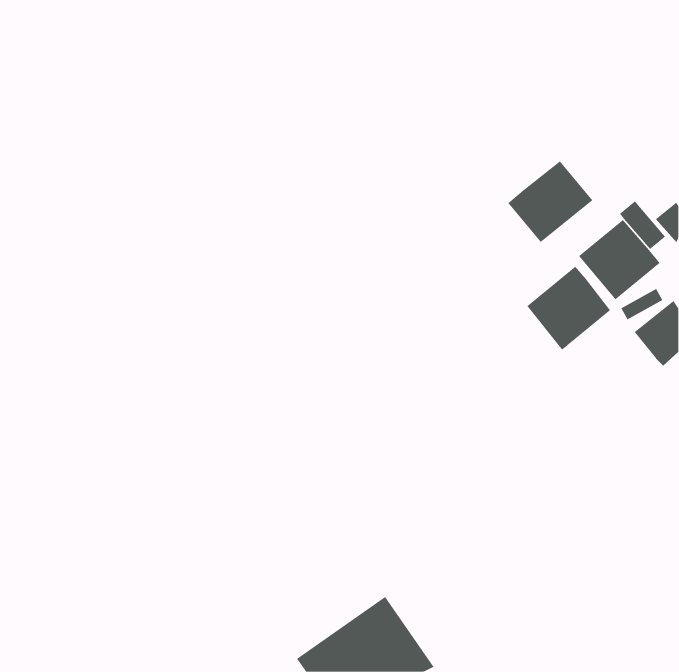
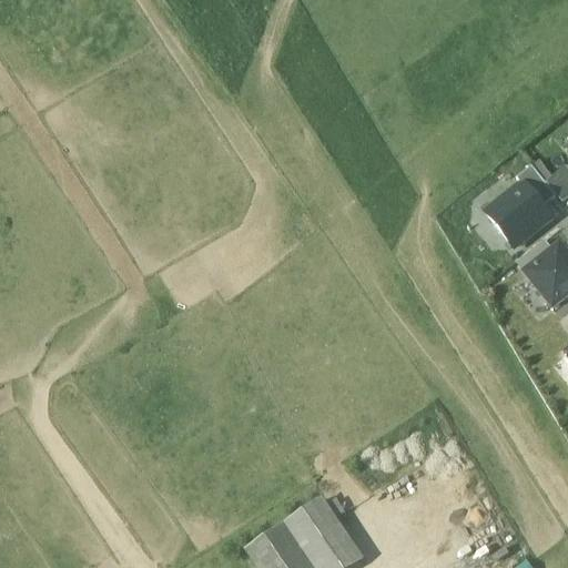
building: [508,161,593,243] -> none
building: [527,266,611,351] -> none

